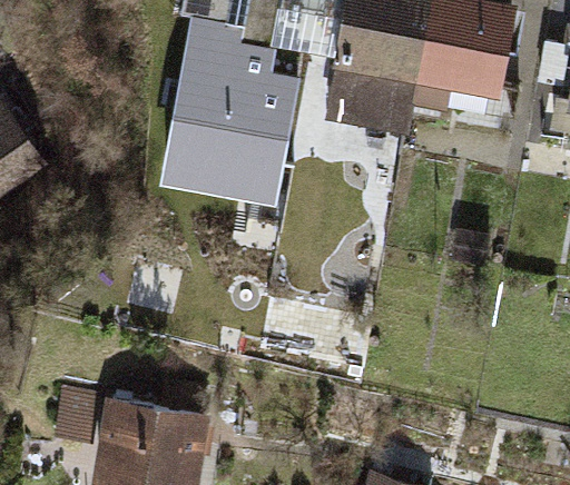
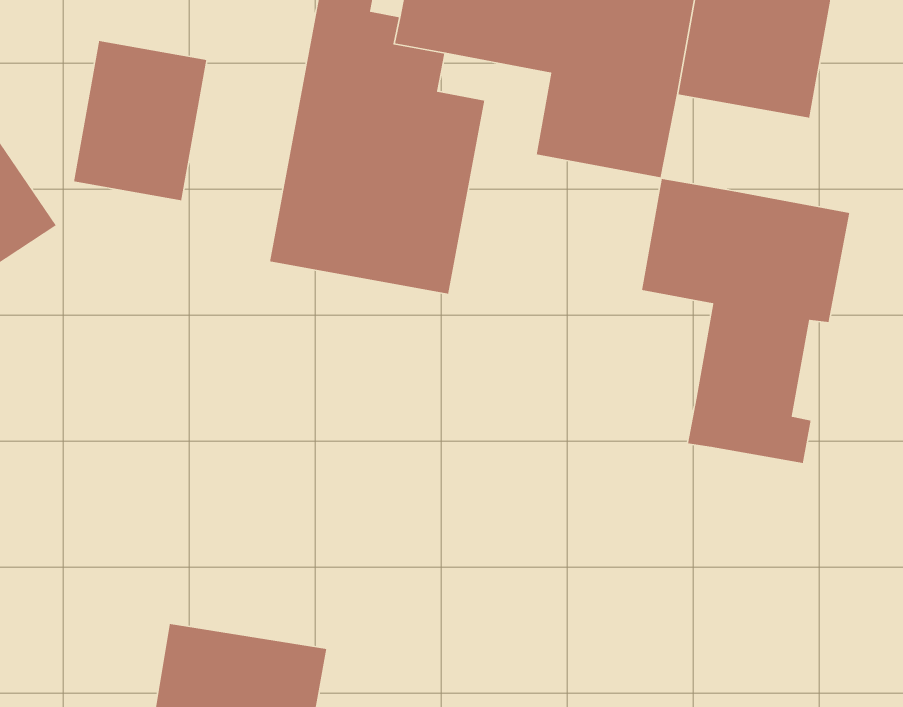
building: none -> [73,40,207,201]
building: none -> [641,178,850,464]

